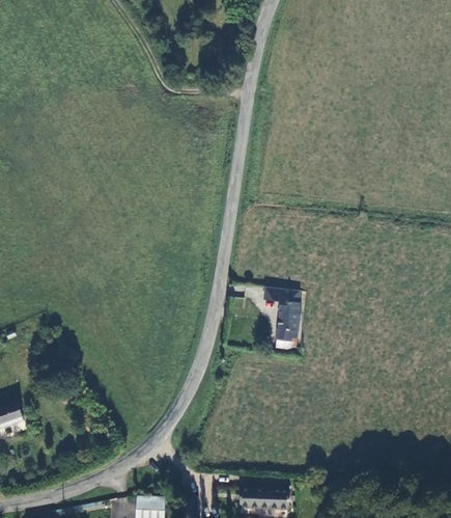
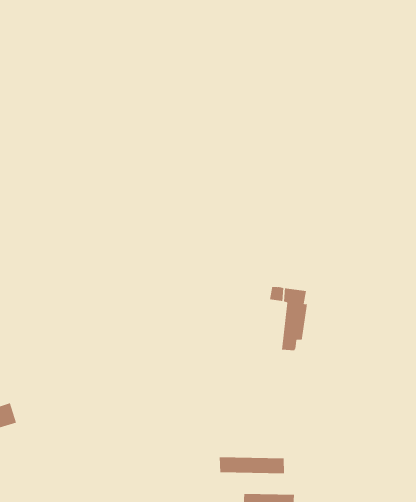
building: none -> [219,456,285,474]

